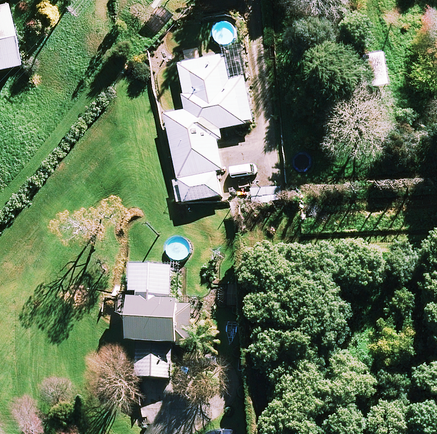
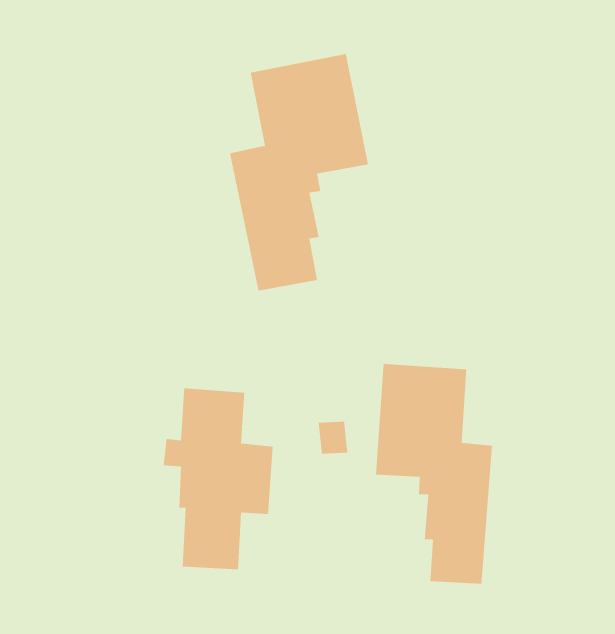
building: none -> [375,363,492,585]

